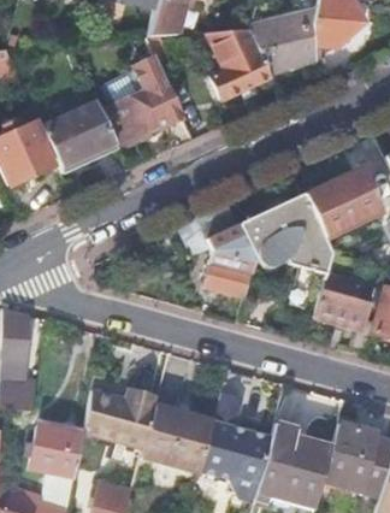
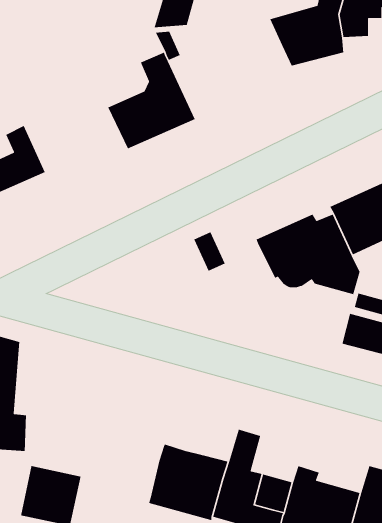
building: [209,28,272,98] -> none
building: [43,100,116,166] -> none
building: [206,226,255,297] -> none
building: [84,390,156,448] -> none

